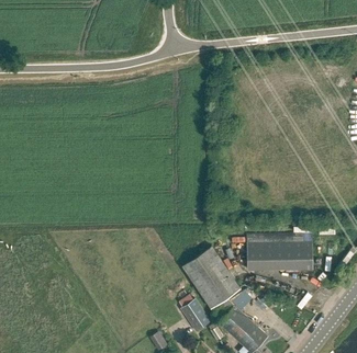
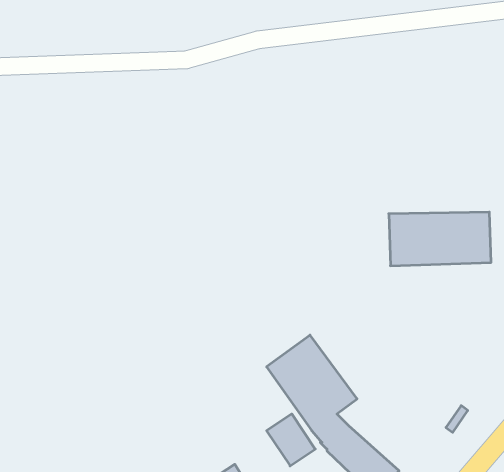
building: [247,236,314,271] -> [389,212,491,266]

